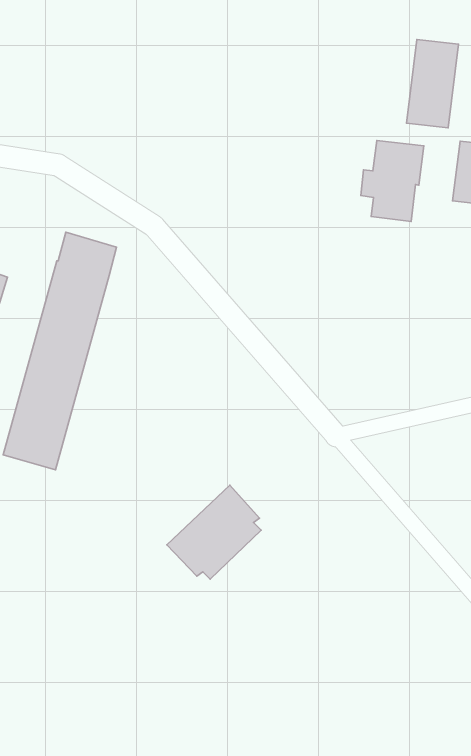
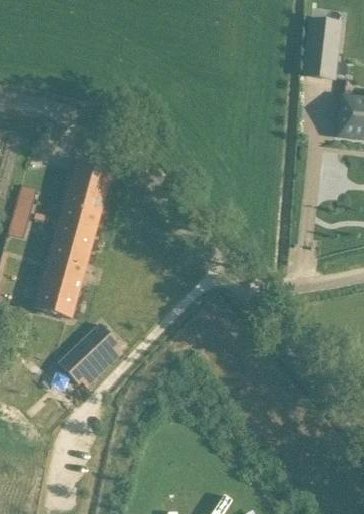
building: [361,140,424,221] -> none
building: [167,485,261,579] -> [58,321,121,384]

